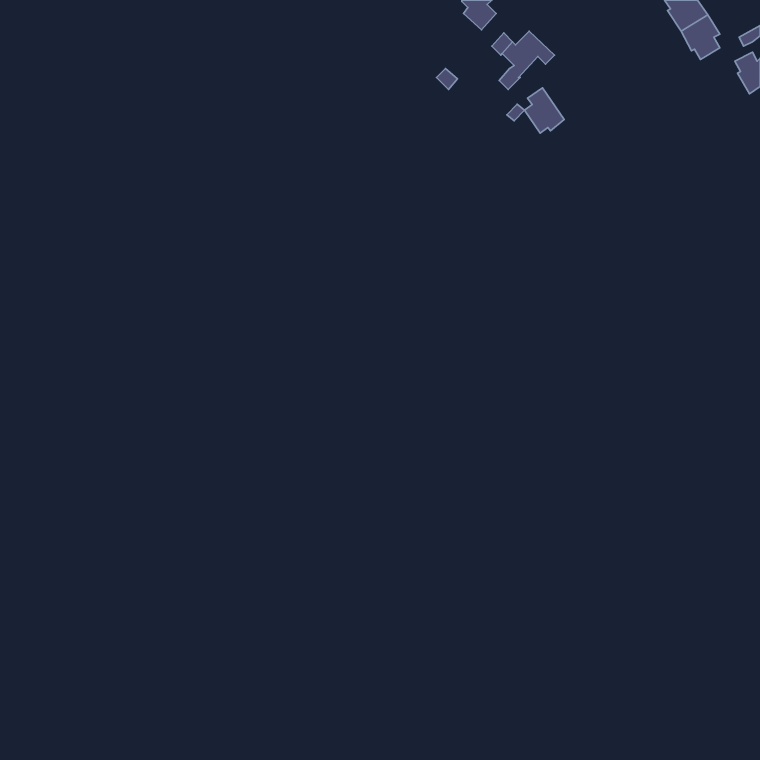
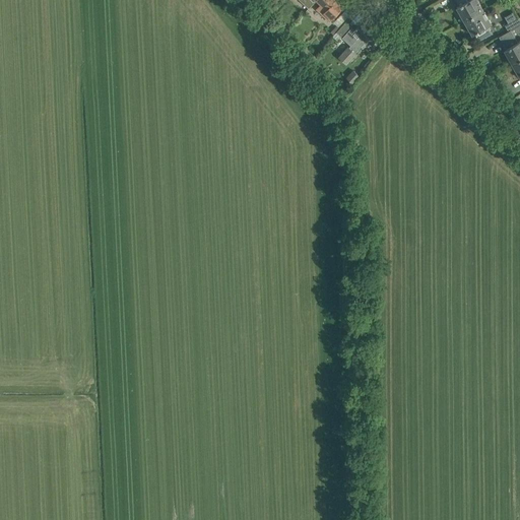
building: [525,88,564,133] -> none

